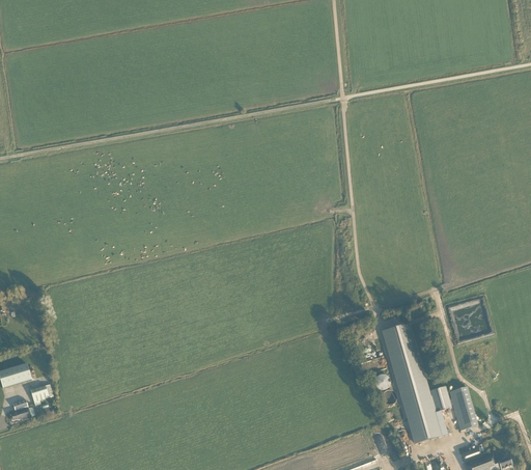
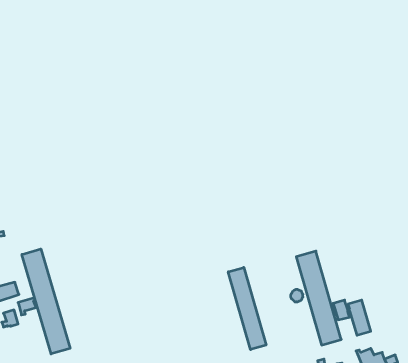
building: none -> [22,249,70,354]
building: none -> [228,267,266,350]

